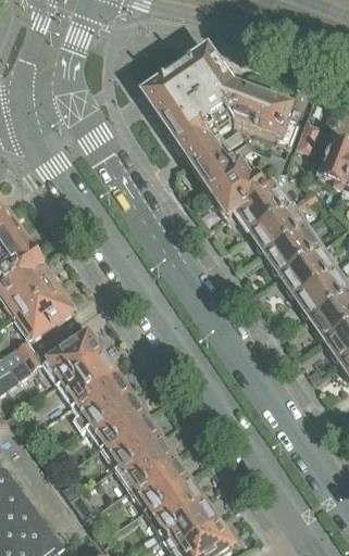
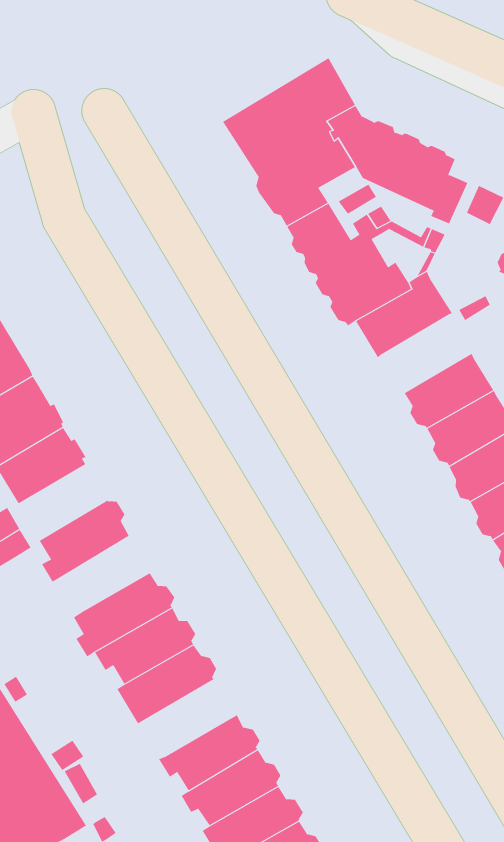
building: [250,203,306,253] -> none
building: [57,351,117,400] -> none
building: [114,435,176,484] -> none

